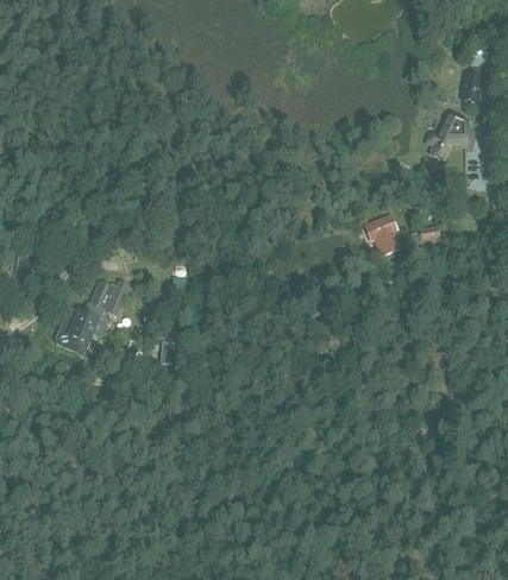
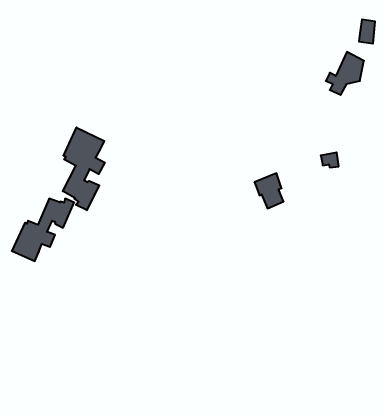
building: none -> [63,127,105,210]
building: [364,214,399,256] -> [254,173,284,208]

